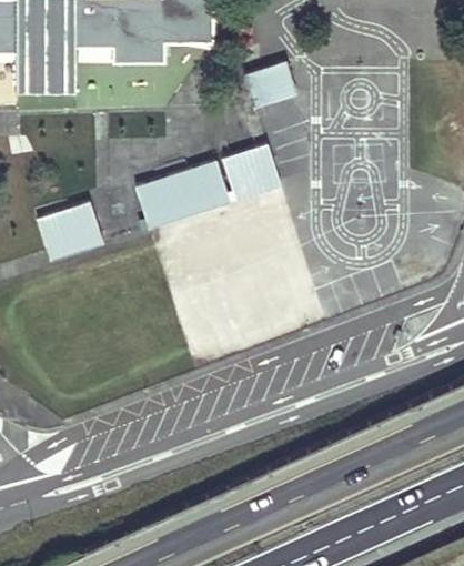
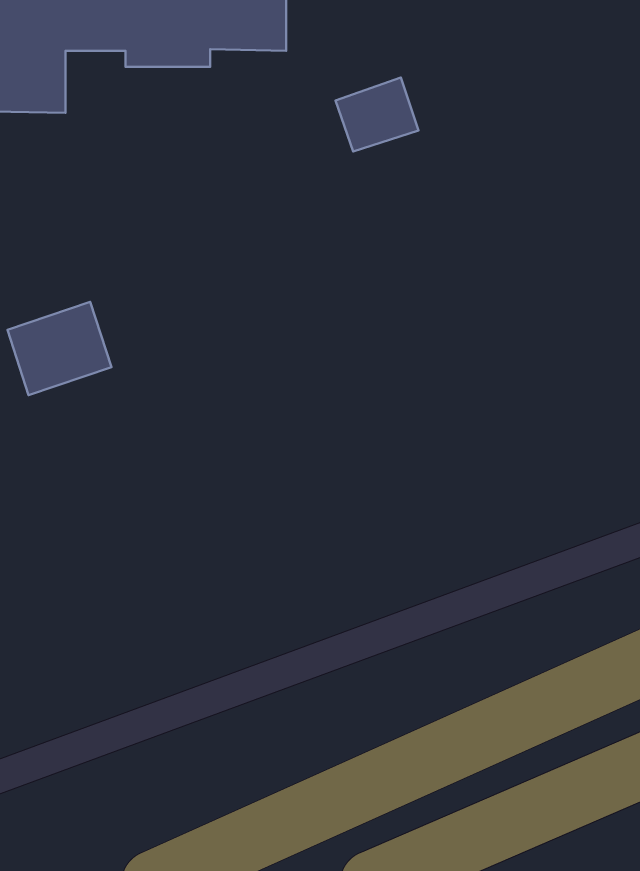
building: [223,143,281,200] -> none
building: [137,160,232,228] -> none

